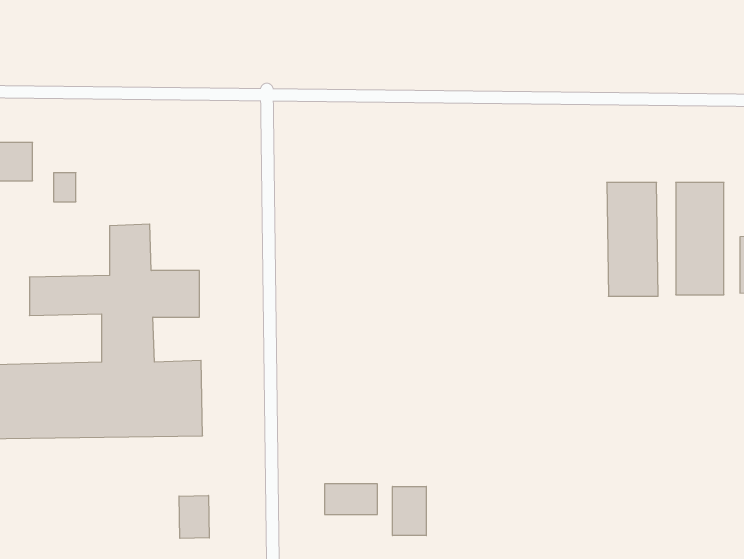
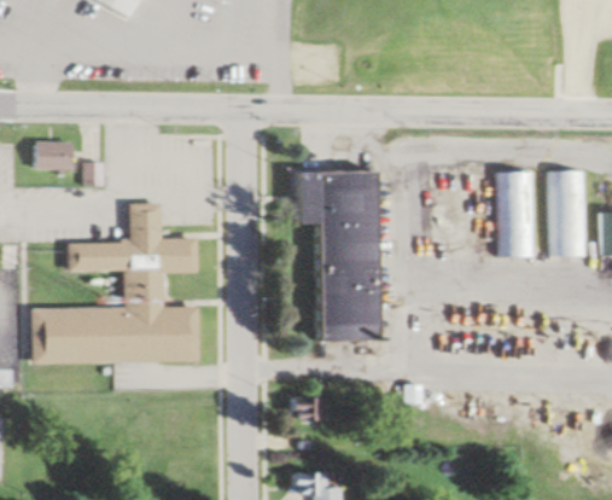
building: none -> [295,169,371,333]
building: [393,486,426,536] -> none
building: [179,495,209,538] -> none

